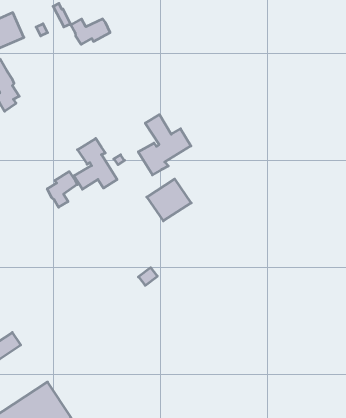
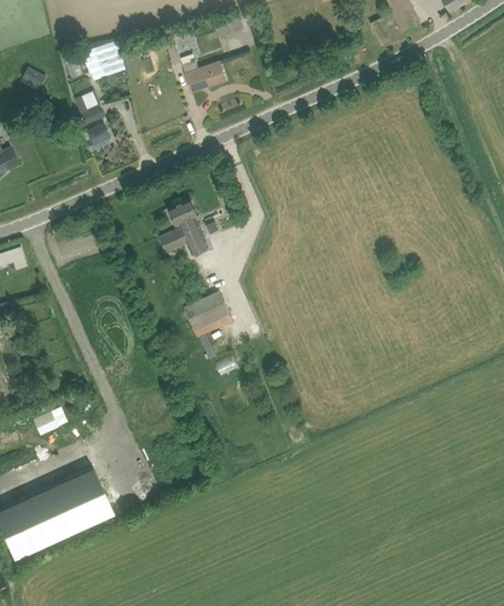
building: [138,115,191,175] -> none
building: [47,172,77,207] -> none
building: [147,179,191,221] -> [184,292,233,337]

